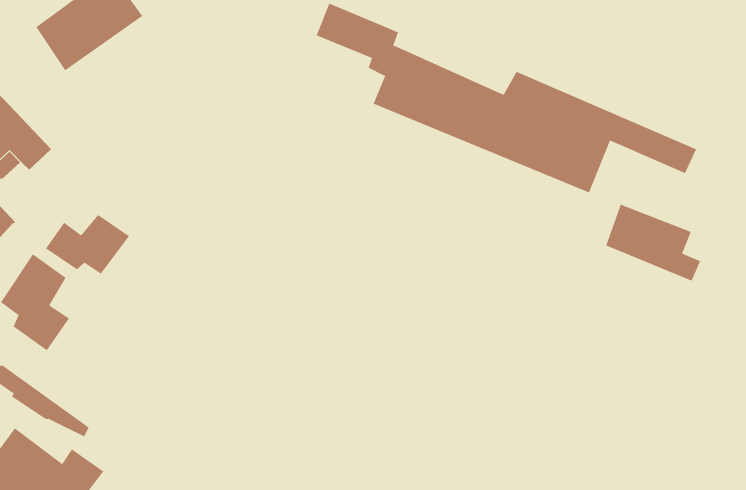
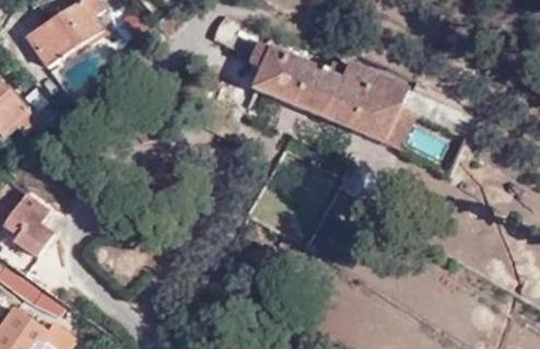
building: [605,204,701,281] -> none
building: [45,214,130,275] -> none

